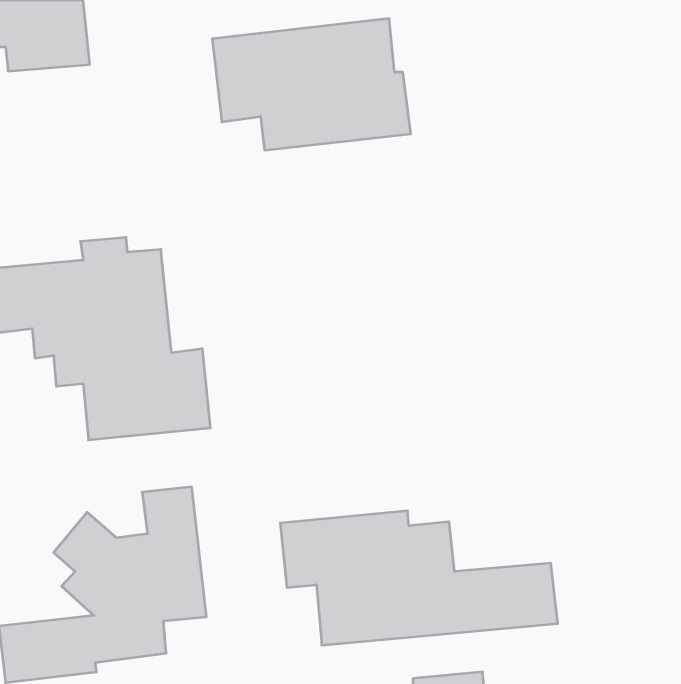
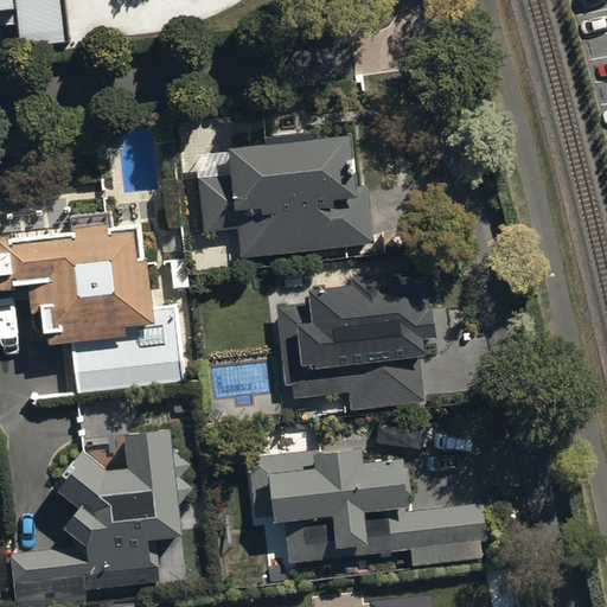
building: [212,19,411,150] -> [194,141,370,257]
building: none -> [275,268,429,410]

